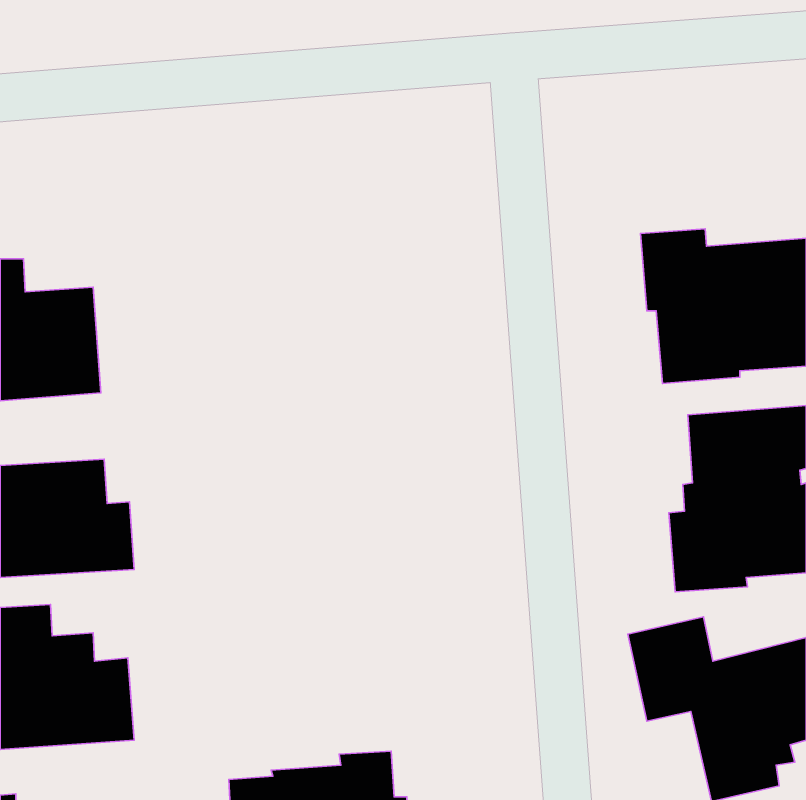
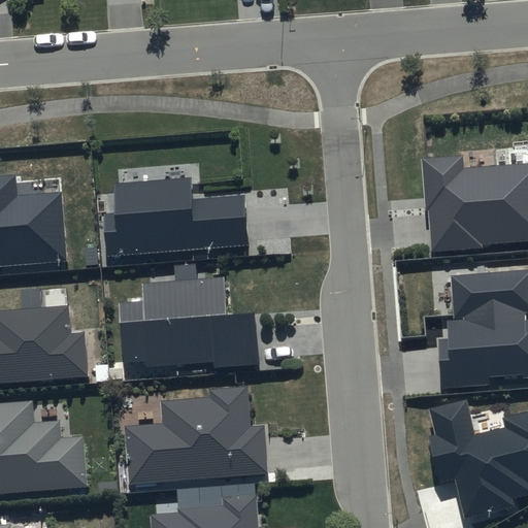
building: none -> [104,175,251,259]
building: none -> [120,274,258,367]
building: none -> [123,386,267,485]

